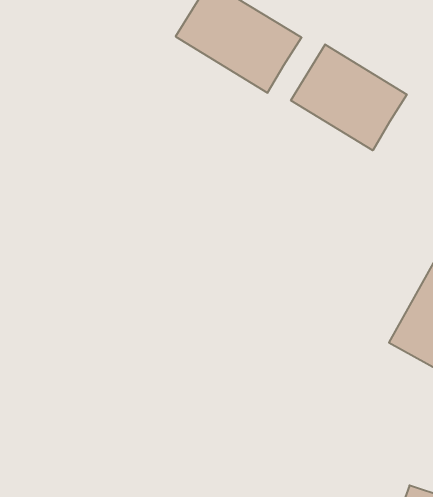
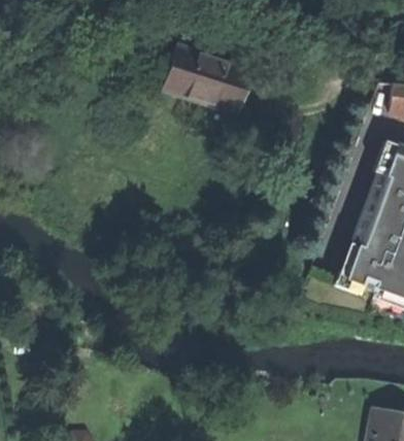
building: [291,44,407,150] -> none

